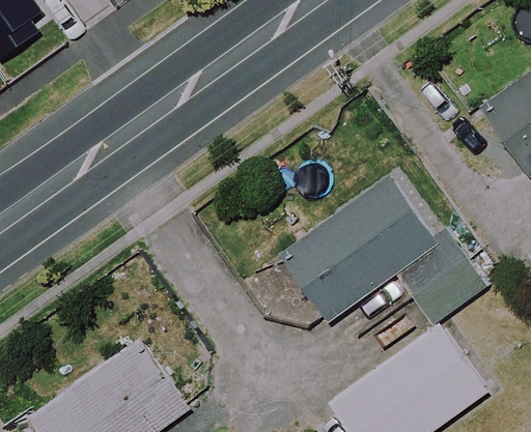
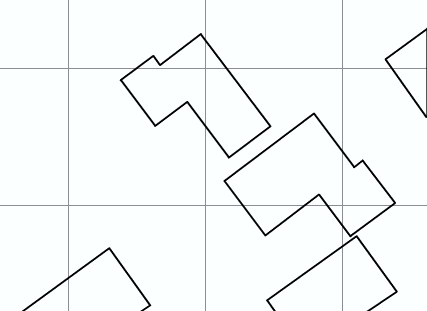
building: none -> [121,34,270,158]

